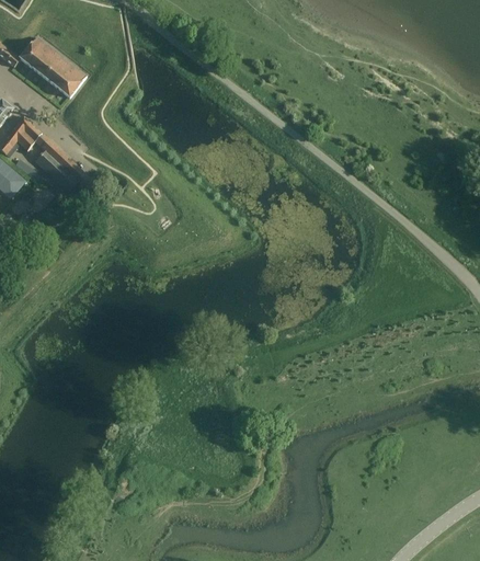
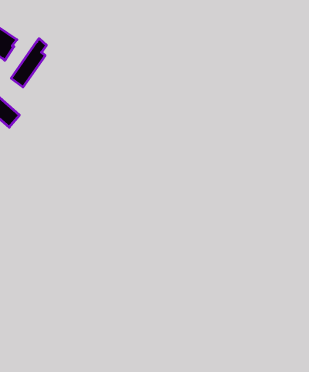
building: none -> [11,39,46,87]

